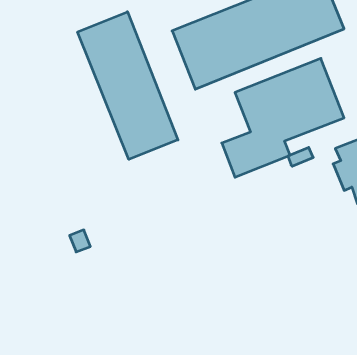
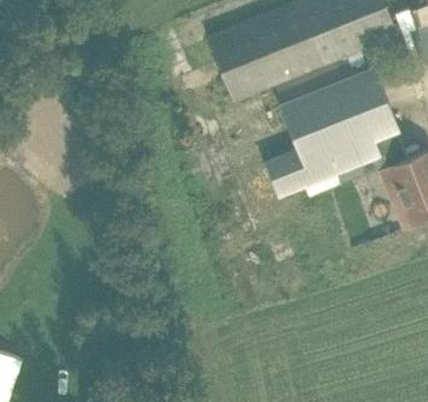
building: [78,12,178,159] -> none

